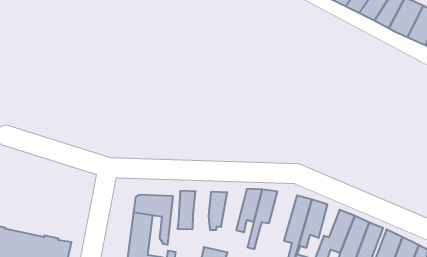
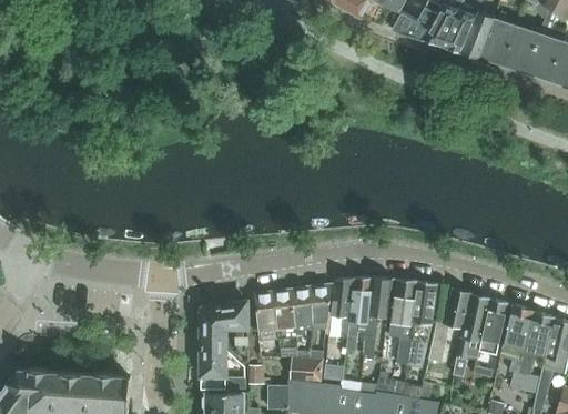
building: none -> [273,289,297,356]
building: none -> [366,276,392,336]
building: none -> [311,283,332,333]

